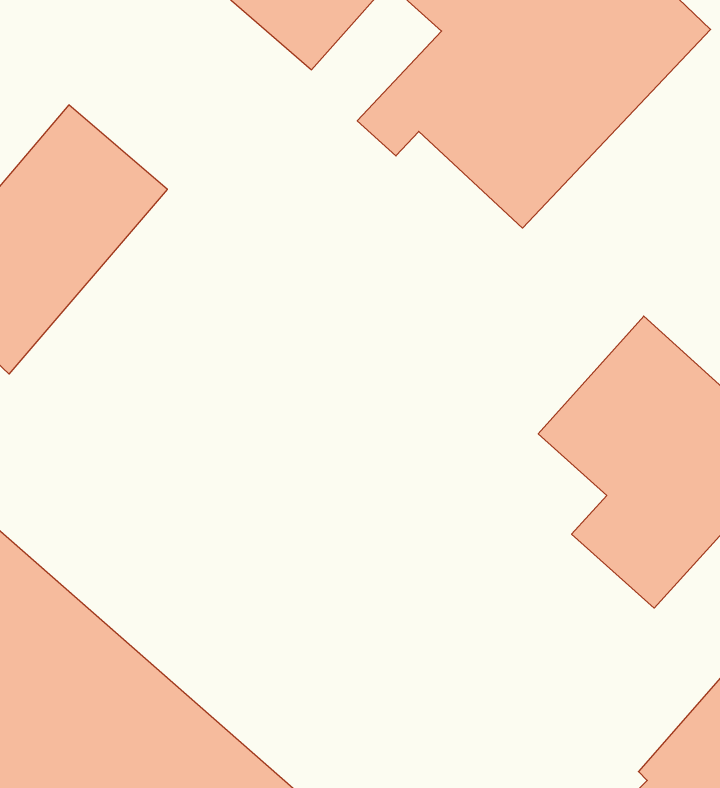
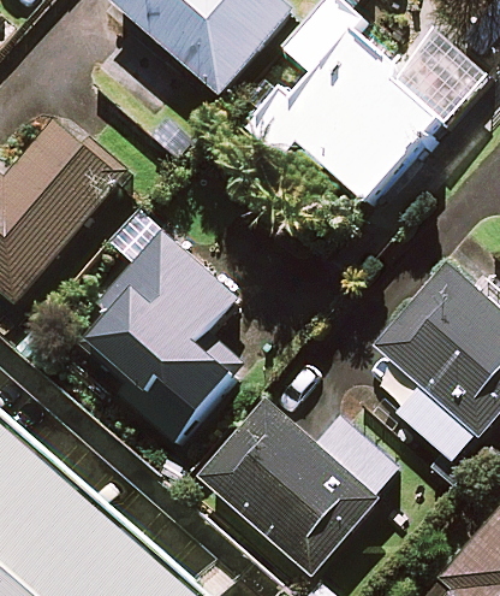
building: none -> [73,231,240,443]
building: none -> [197,399,401,576]

